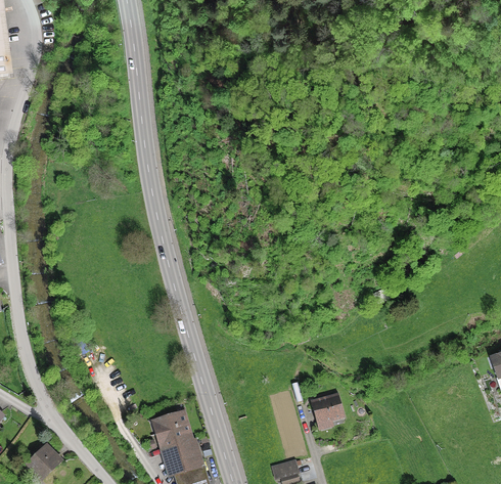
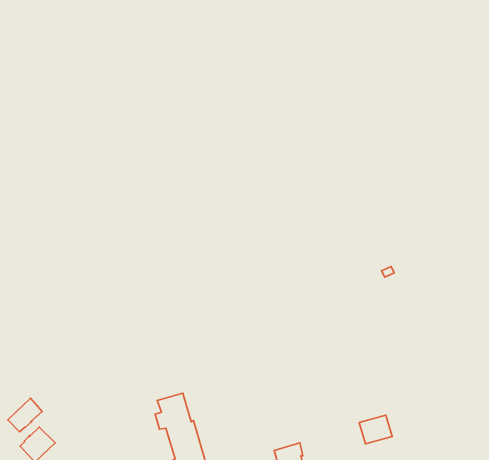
building: [311,394,343,422] -> [359,415,392,444]
building: none -> [8,398,42,432]

